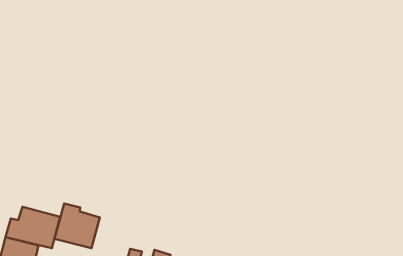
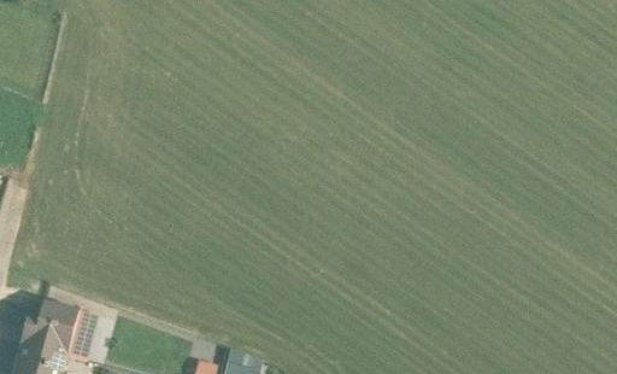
building: [54,204,100,248] -> none

